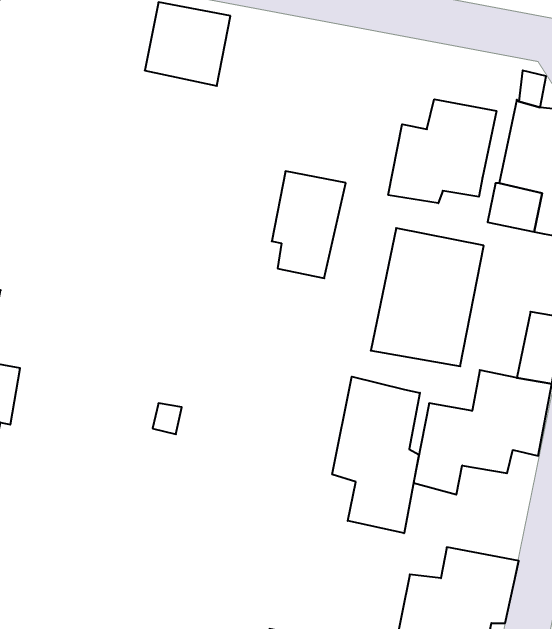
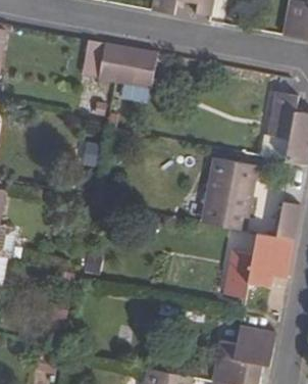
building: [388,99,496,203] -> none
building: [272,171,346,278] -> [118,46,157,102]
building: [332,377,420,533] -> none

